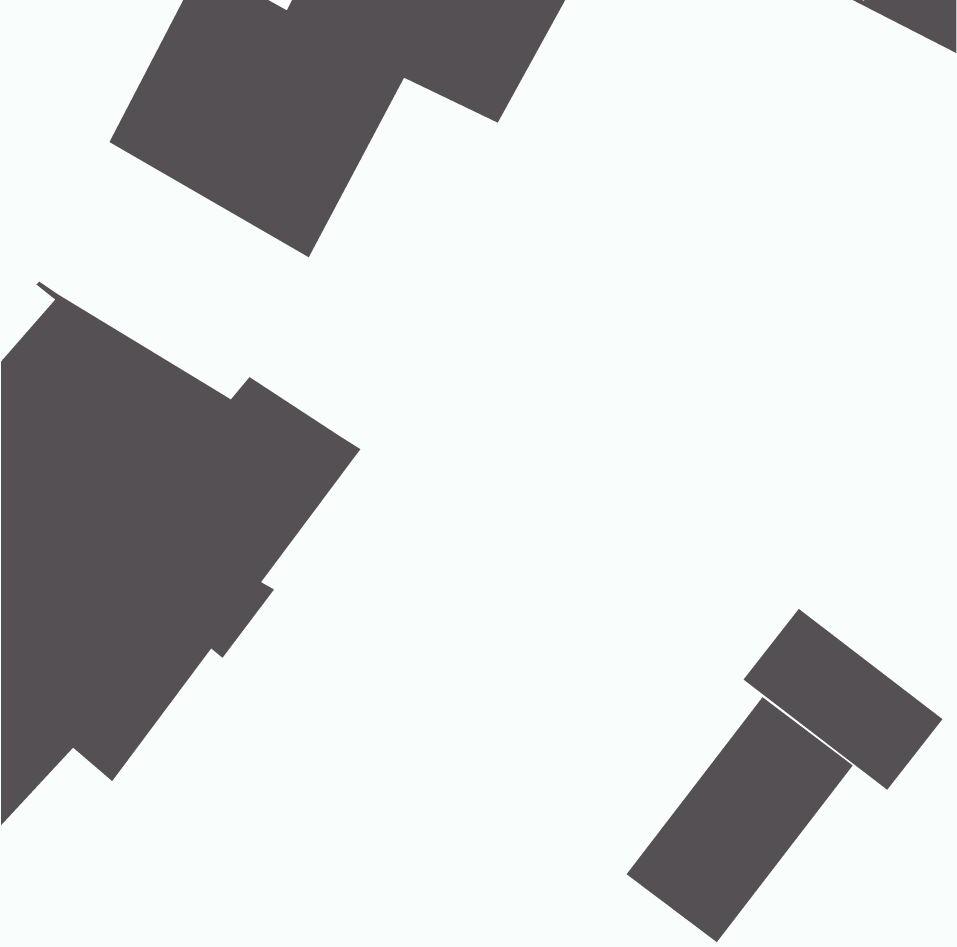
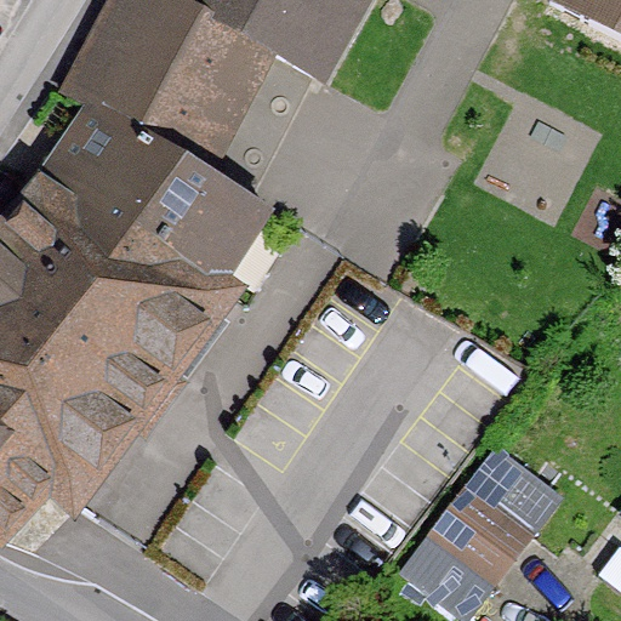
building: none -> [25,92,269,283]
building: [743,608,944,791] -> none

